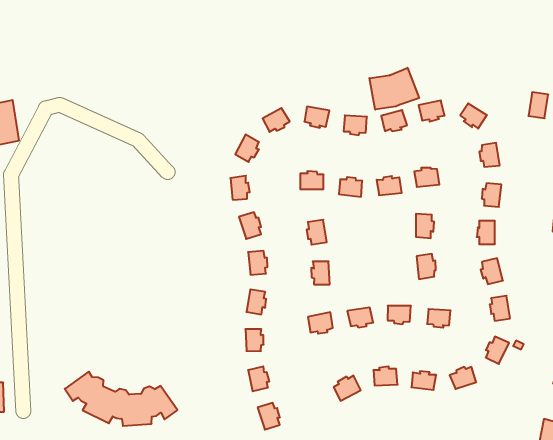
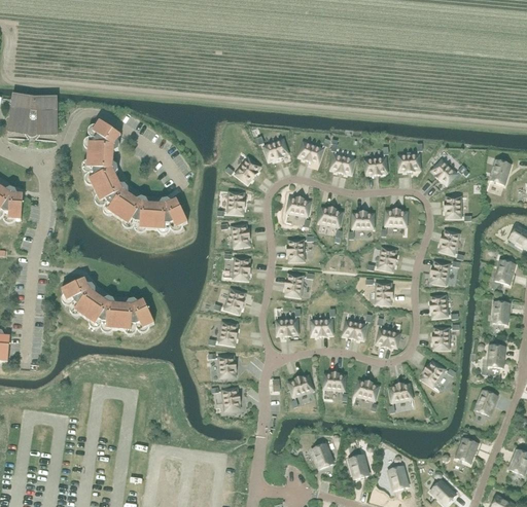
building: [369,68,419,110] -> none
building: none -> [86,120,187,229]
building: [65,372,177,426] -> [62,278,154,330]

